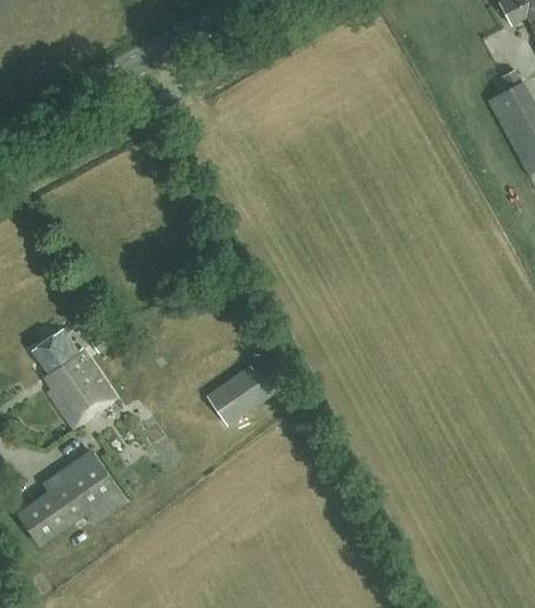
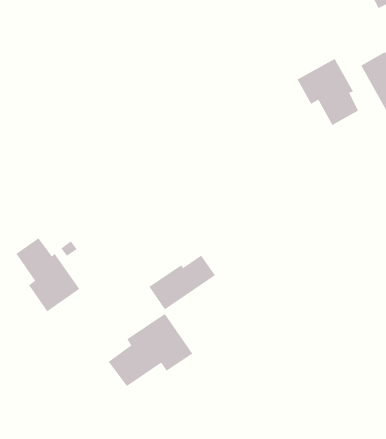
building: none -> [297,58,359,126]
building: [15,449,128,546] -> [108,313,193,387]

